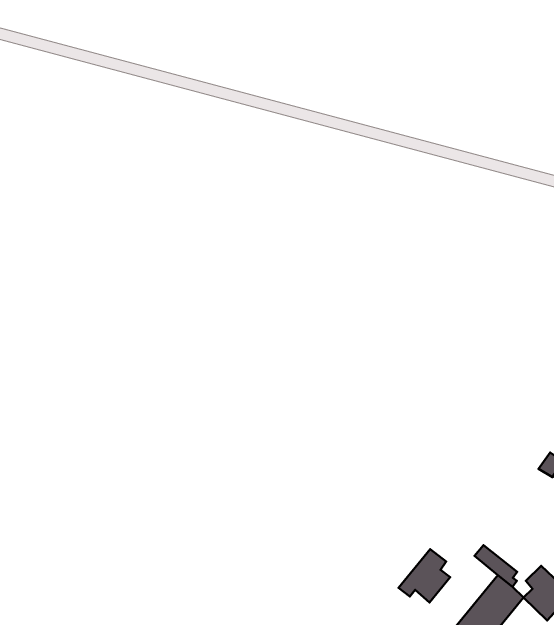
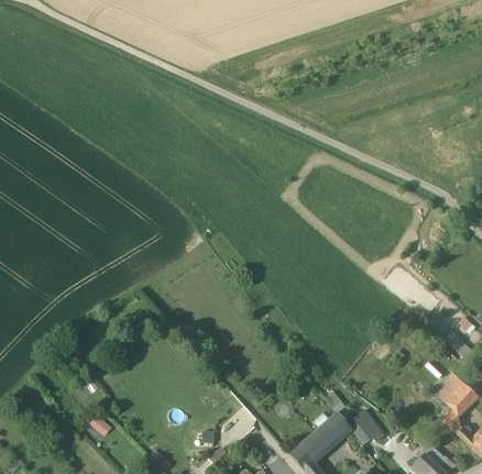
building: [398,549,450,602] -> none

